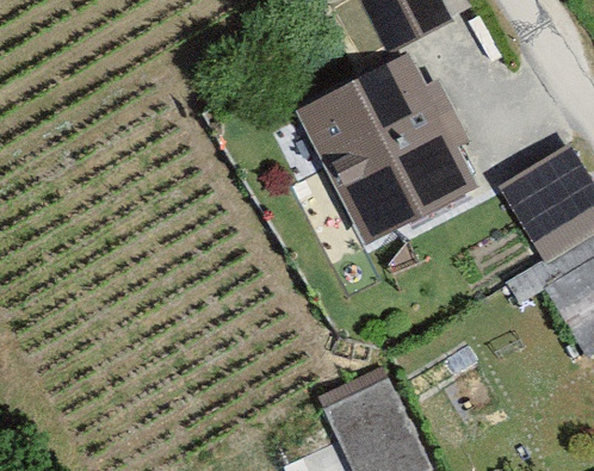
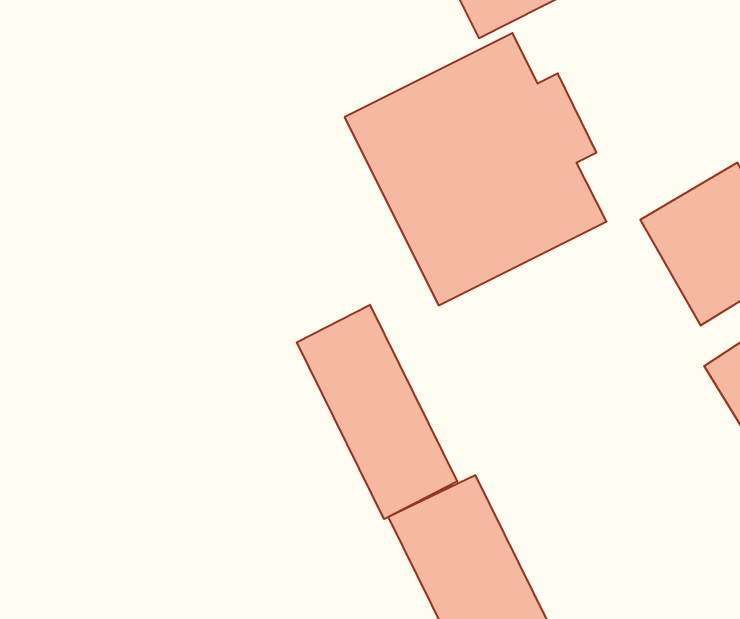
building: none -> [297,305,457,519]

